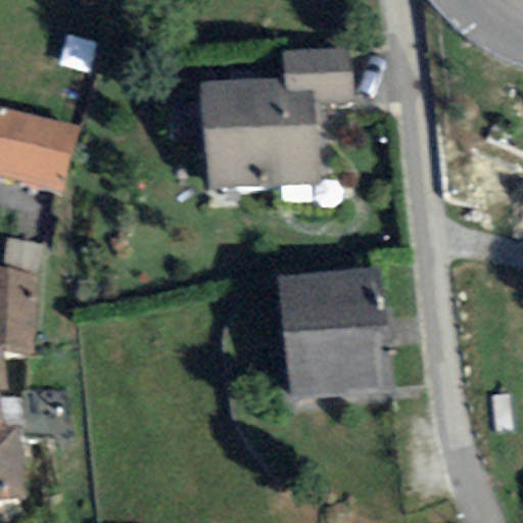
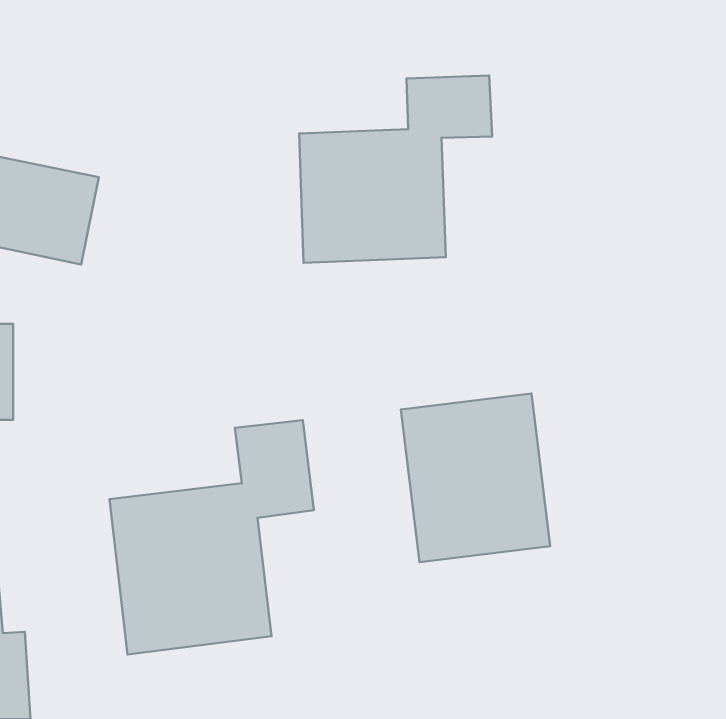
building: none -> [109,420,314,654]

